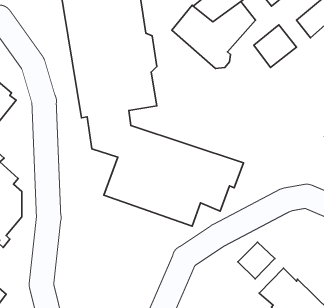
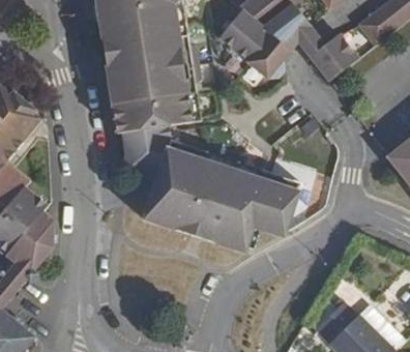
building: [238,242,275,279] -> none

